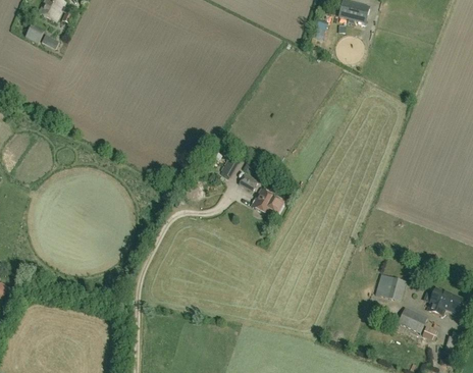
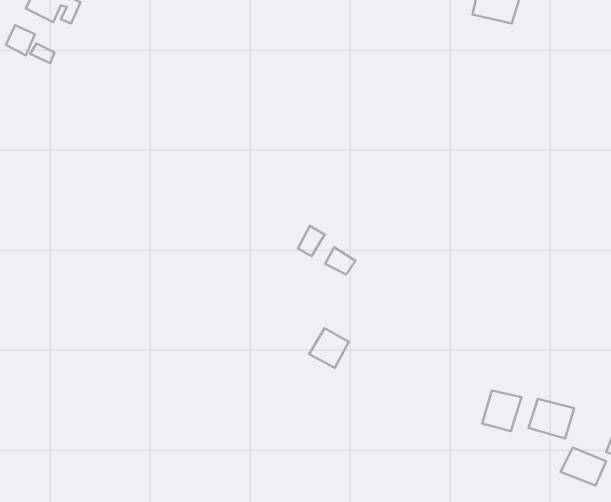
building: [251,188,277,214] -> [309,328,349,368]
building: none -> [482,391,521,431]

